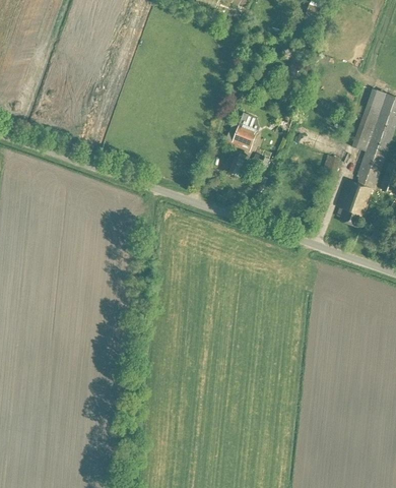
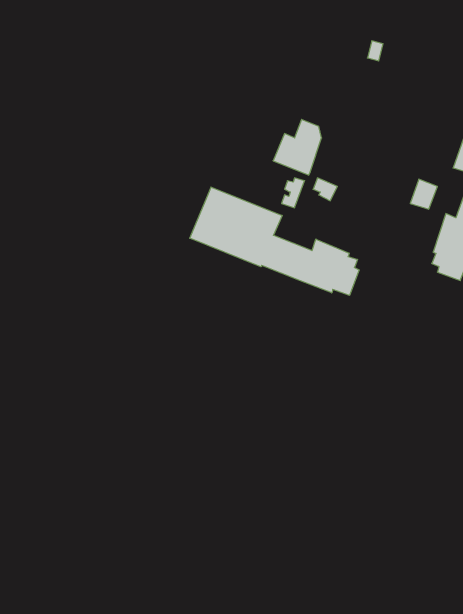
building: none -> [190,187,359,295]

